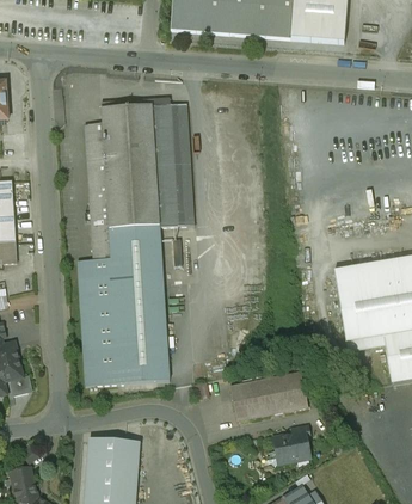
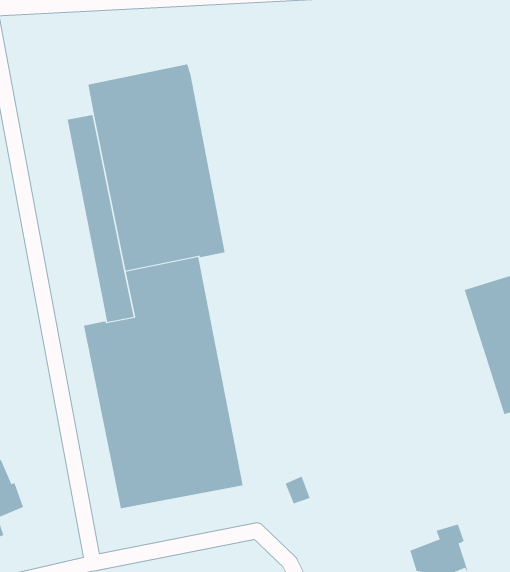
building: [171,103,195,226] -> none
building: [229,370,308,420] -> none

